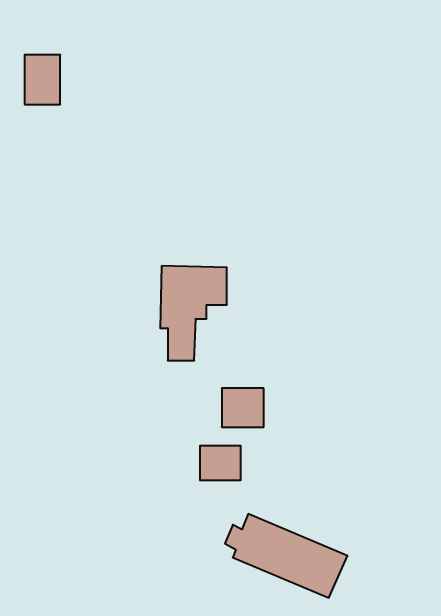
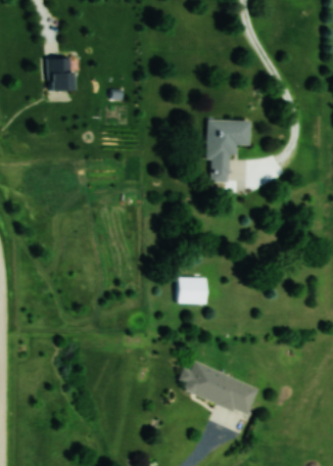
building: [160,266,227,361] -> [206,120,250,182]
building: [200,446,241,480] -> none

